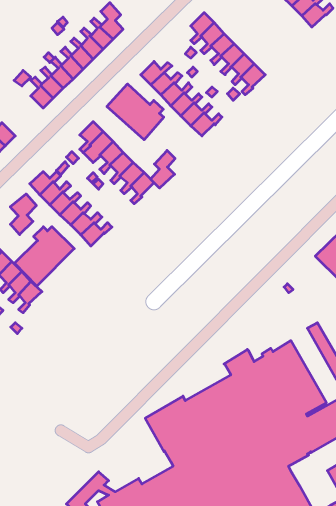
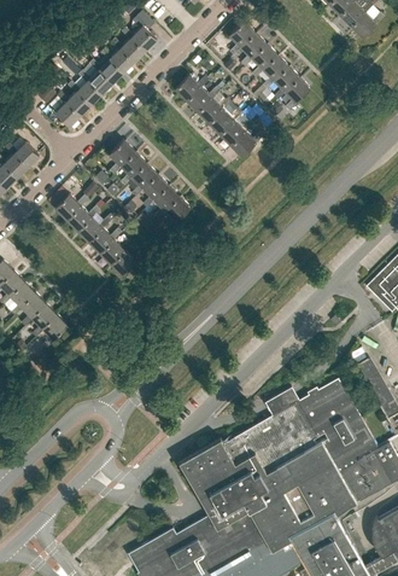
building: [107,84,164,140] -> none
building: [151,150,175,188] -> none
building: [10,194,36,235] -> none
building: [14,227,74,286] -> none

